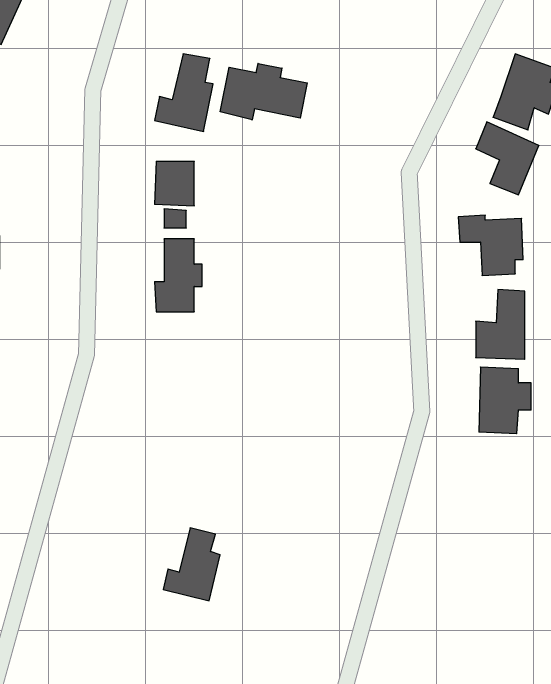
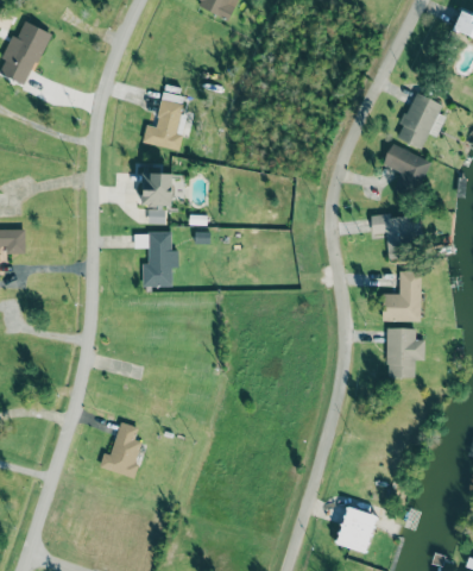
building: [220,63,307,120] -> none
building: [163,528,220,601] -> [100,421,143,476]
building: none -> [336,506,378,552]

